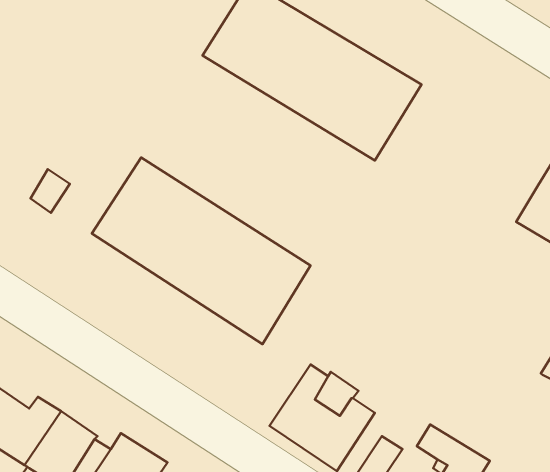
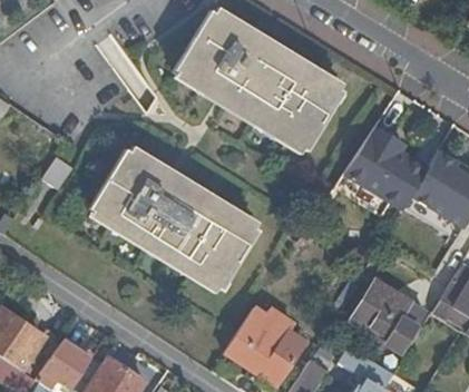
building: none -> [345,127,430,209]
building: none -> [353,282,426,352]

